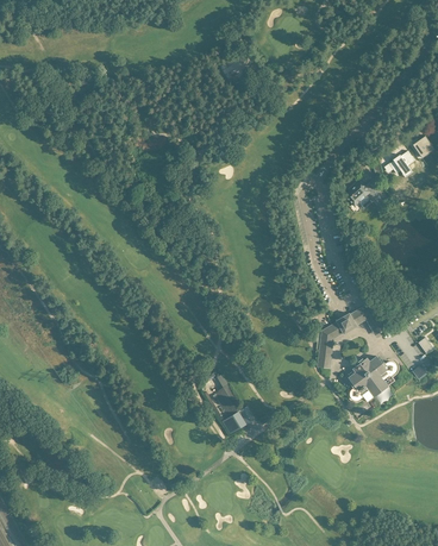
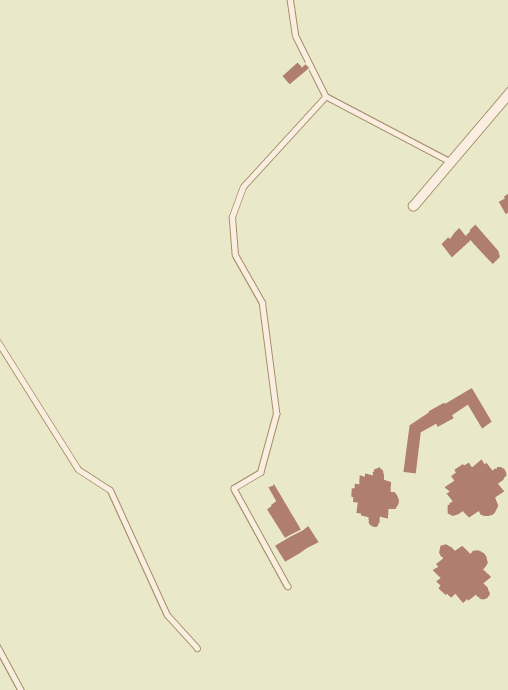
building: none -> [351,466,400,528]
building: none -> [432,543,492,604]

